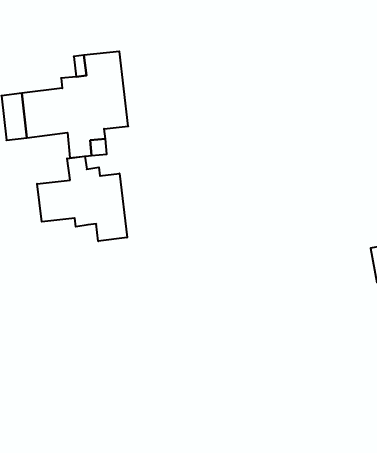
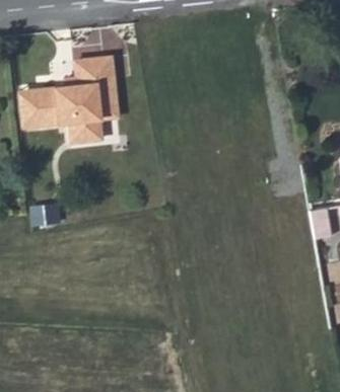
building: [37,156,127,241] -> none

